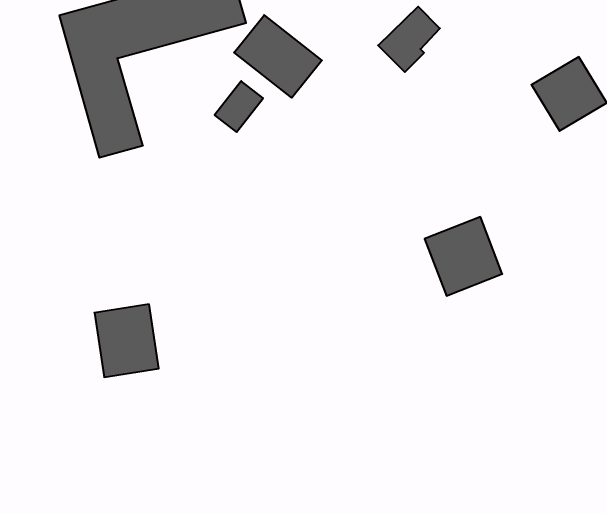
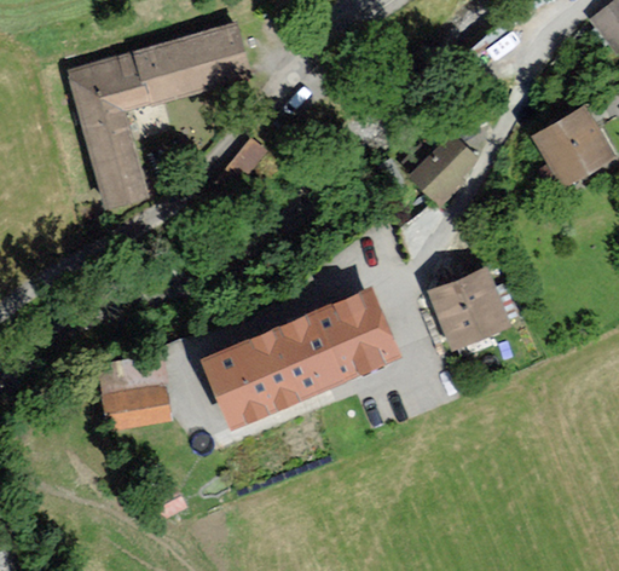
building: [378,7,440,72] -> [413,137,475,202]
building: [234,15,322,98] -> none
building: none -> [209,295,397,425]

